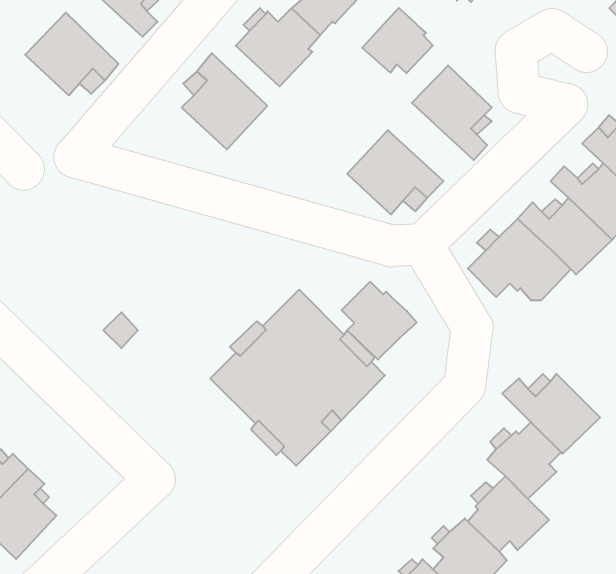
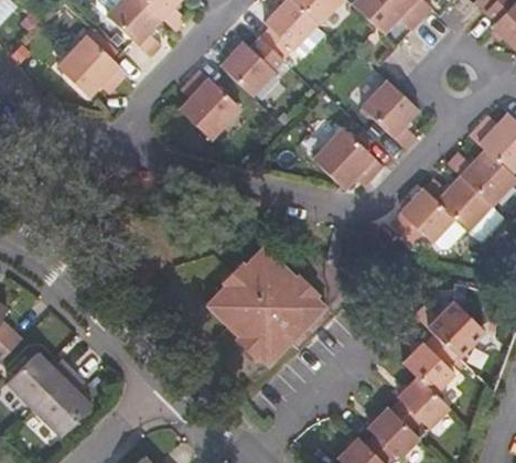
building: [362,8,433,73] -> none
building: [342,282,417,360] -> none

